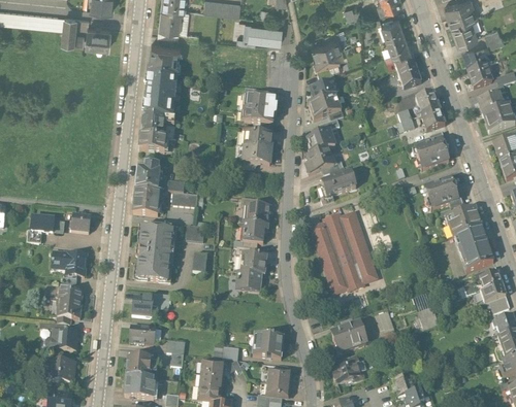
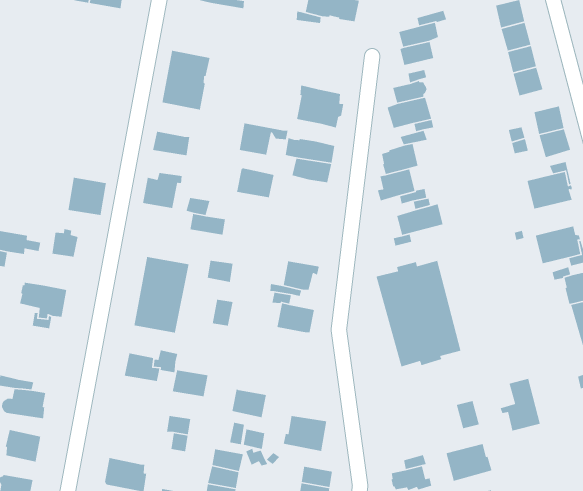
building: [148,43,180,77] -> none
building: [141,113,176,136] -> [239,122,289,155]
building: [133,188,160,214] -> [68,177,107,216]
building: [243,202,269,223] -> [236,168,274,198]
building: [236,269,261,290] -> [231,388,267,418]
building: [57,290,83,318] -> none
building: [332,321,367,351] -> [446,443,492,482]
building: [129,326,155,344] -> [172,369,209,397]
building: [126,354,152,377] -> none

